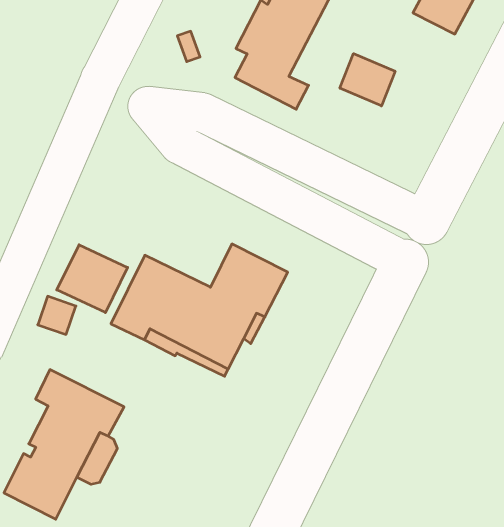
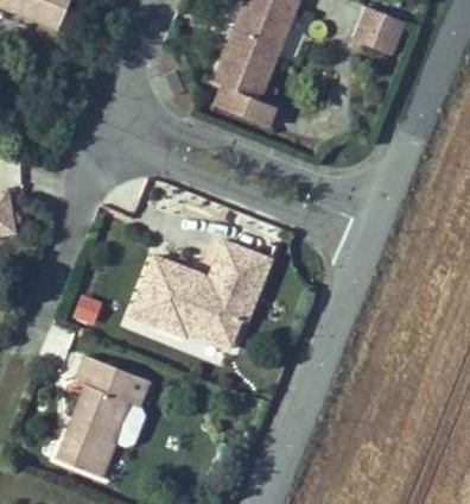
building: [340,54,395,106] -> none
building: [57,245,128,313] -> none

